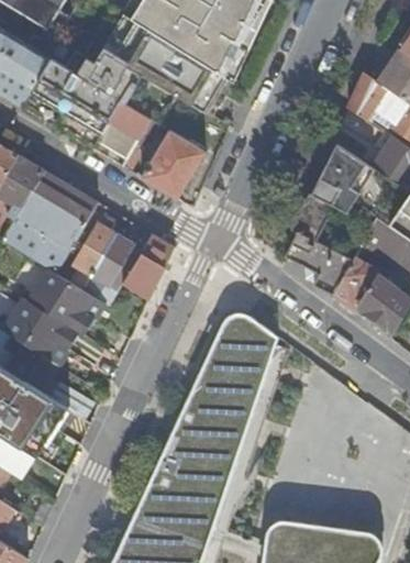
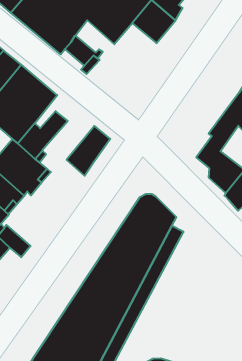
building: [108,100,151,140] -> none
building: [140,131,206,199] -> none
building: [90,233,142,290] -> none

